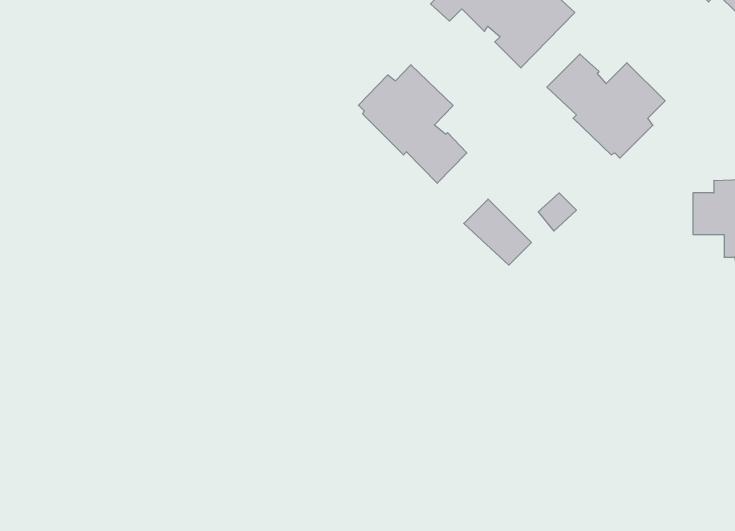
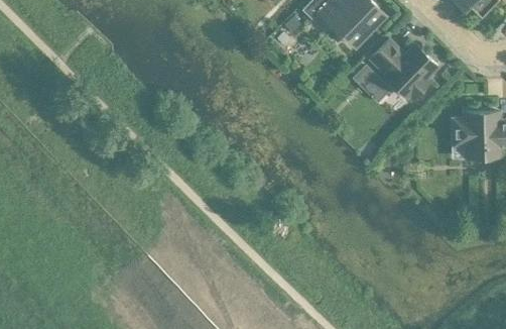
building: [358,65,467,183] -> none
building: [464,199,531,265] -> [352,64,391,102]

